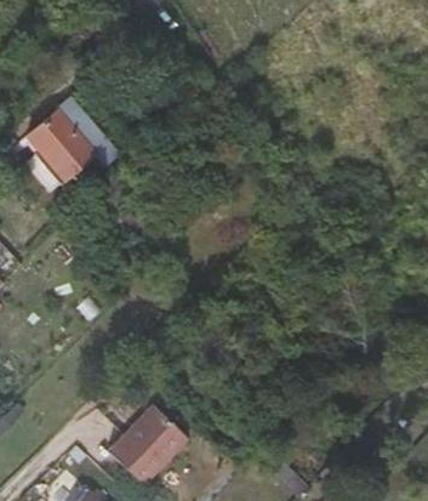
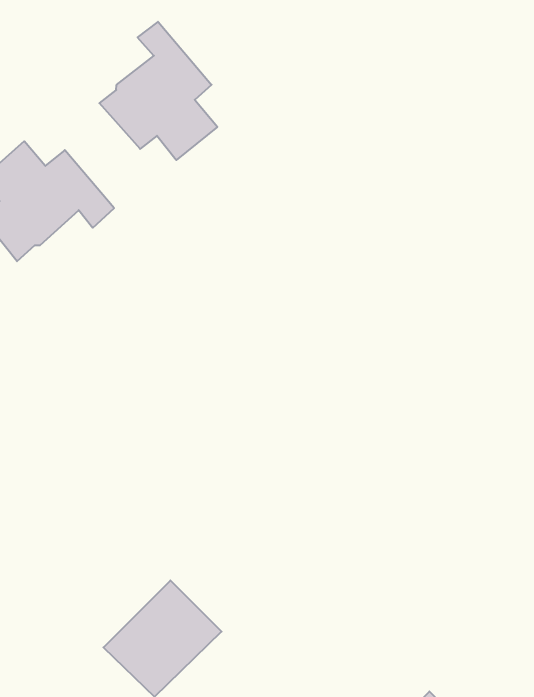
building: none -> [99,22,217,160]

